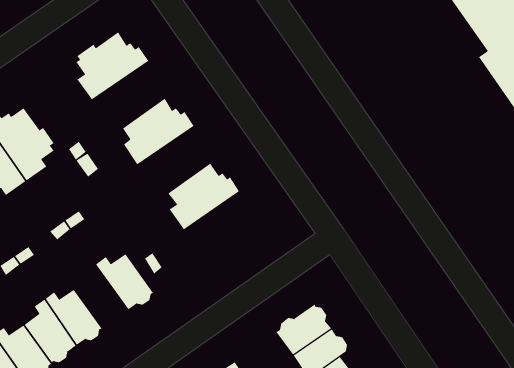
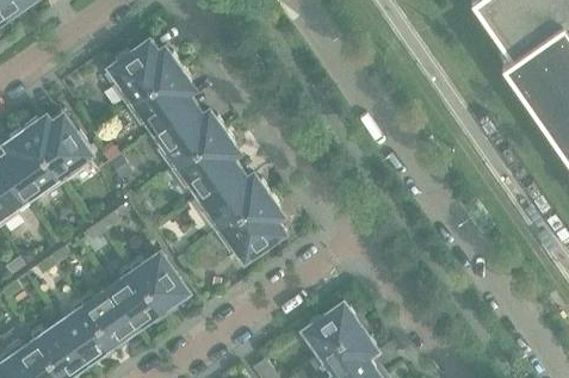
building: none -> [125,68,197,134]
building: none -> [169,131,241,197]
building: none -> [215,194,286,261]
building: none -> [109,266,161,328]

